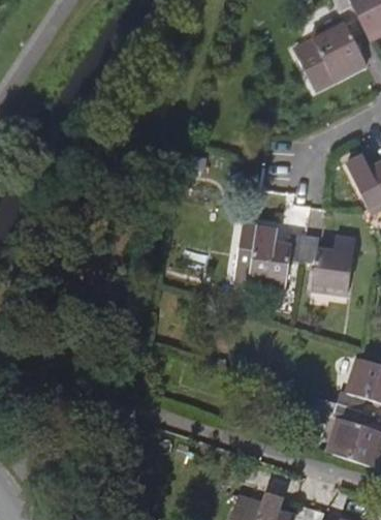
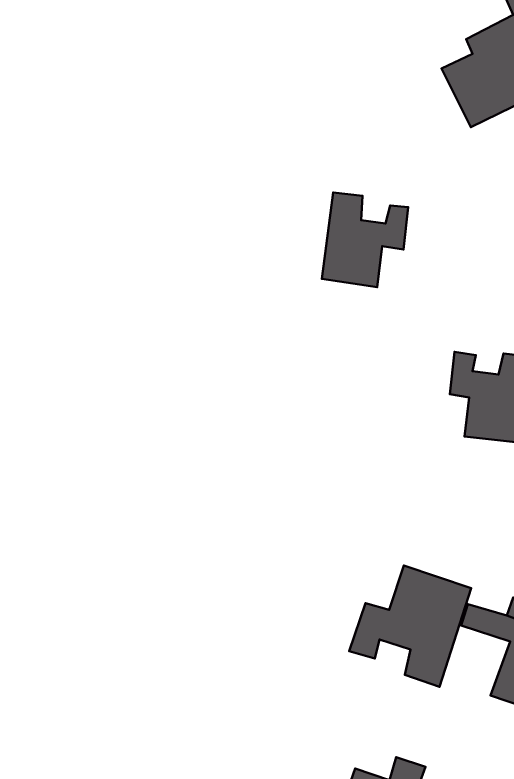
building: [250,224,305,284] -> [322,193,408,287]
building: none -> [349,565,471,687]

